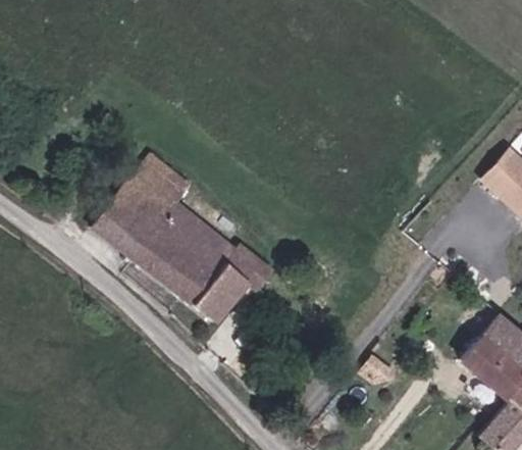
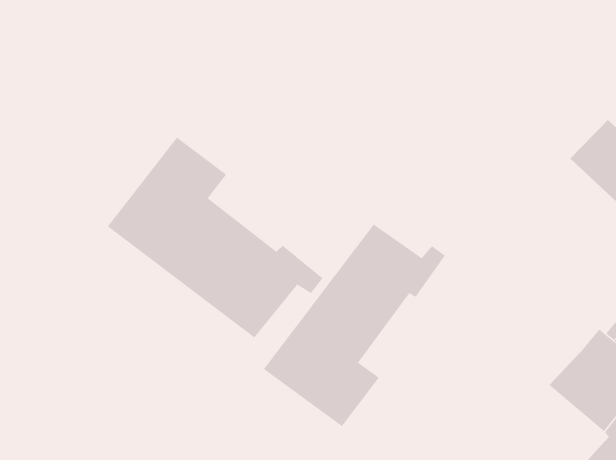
building: none -> [263,223,446,427]

